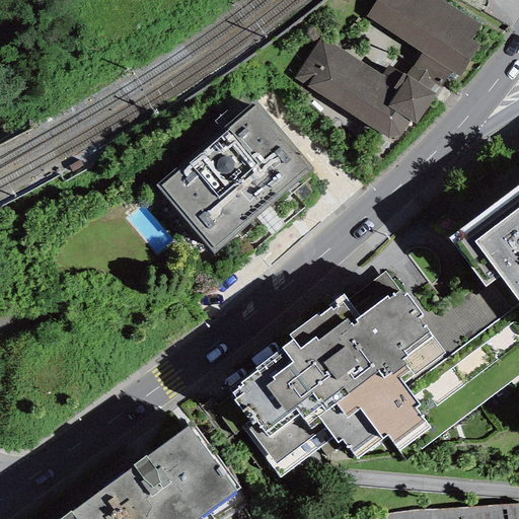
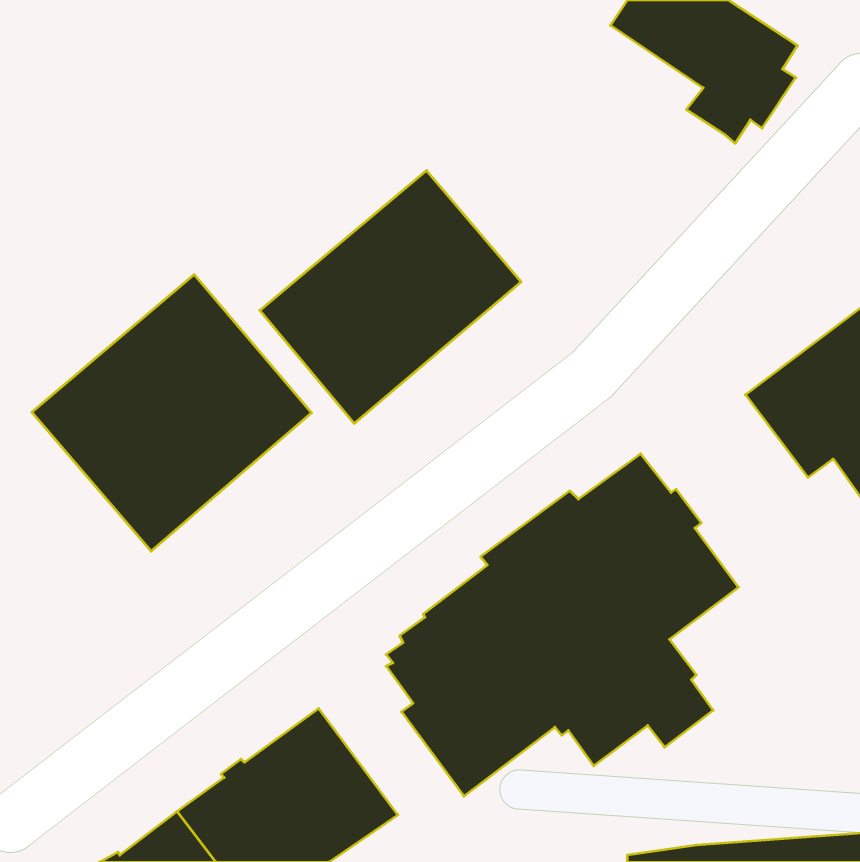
building: [295,40,439,138] -> none
building: none -> [32,275,312,551]

